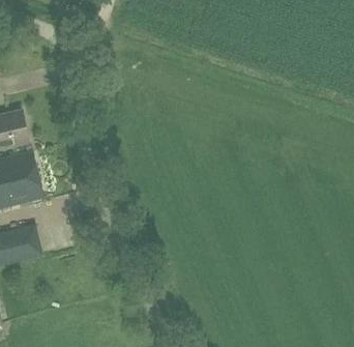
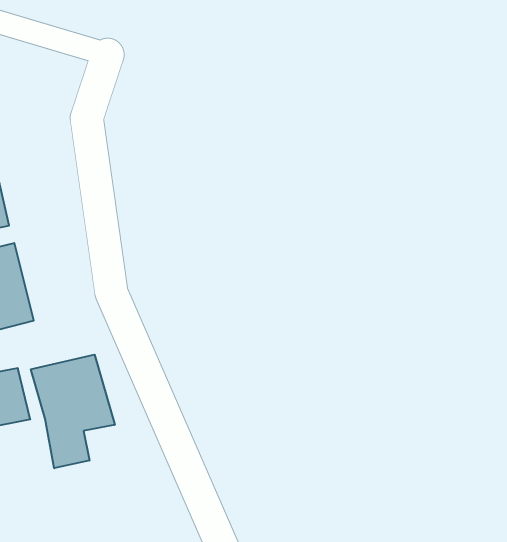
building: none -> [31,355,115,468]

